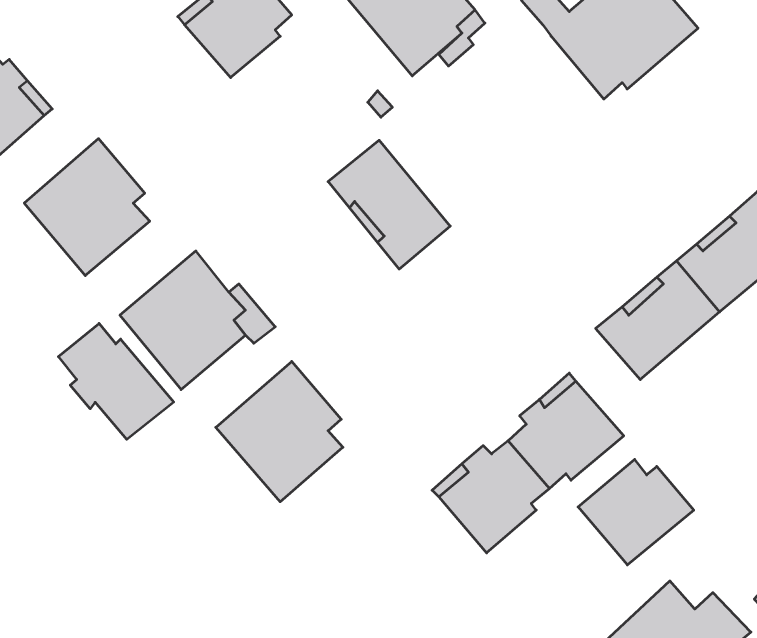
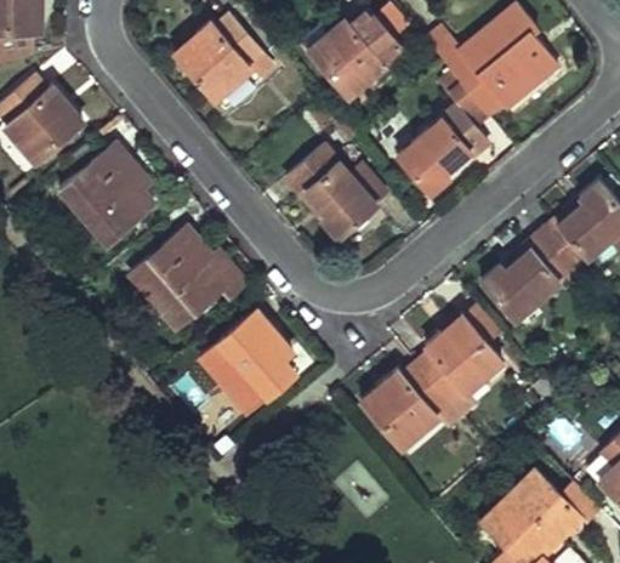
building: none -> [398,108,485,192]
building: [58,323,174,439] -> none
building: [578,459,694,565] -> none

